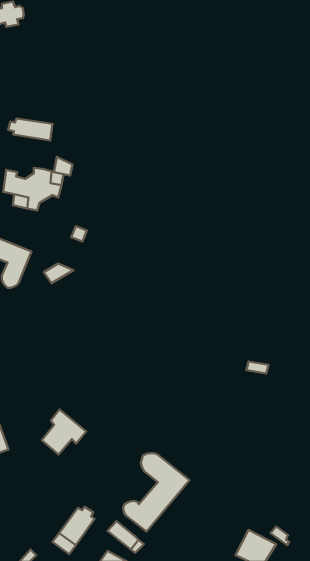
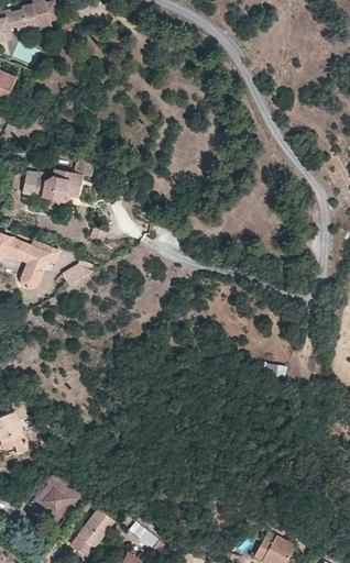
building: [8,119,53,140] -> none
building: [42,409,86,454] -> [39,471,83,516]
building: [123,453,189,531] -> none

